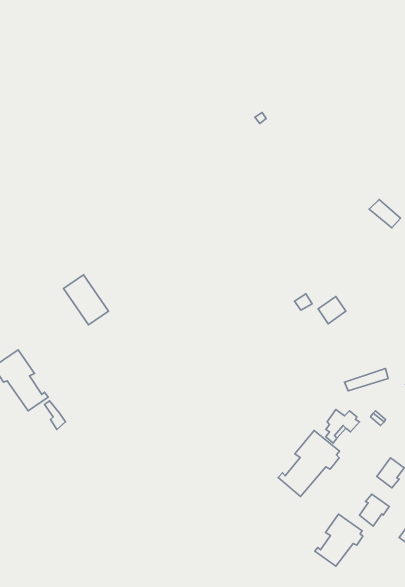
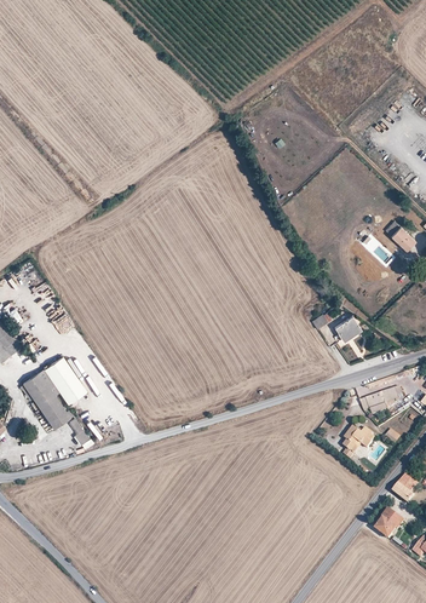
building: [64,275,108,325] -> [42,354,86,402]
building: [278,430,339,496] -> none
building: [315,514,363,566] -> none

